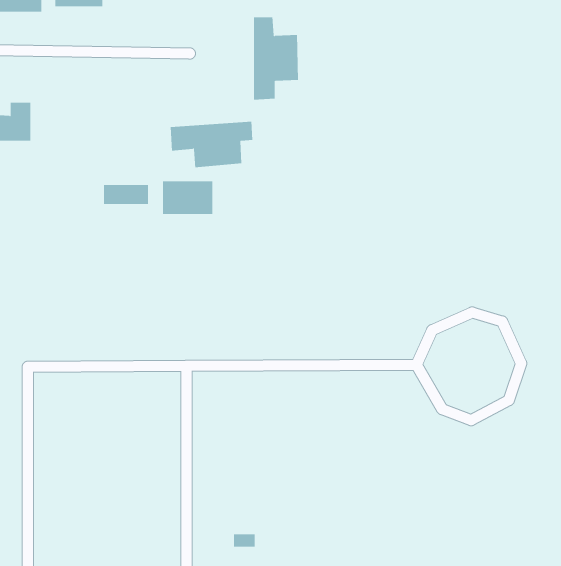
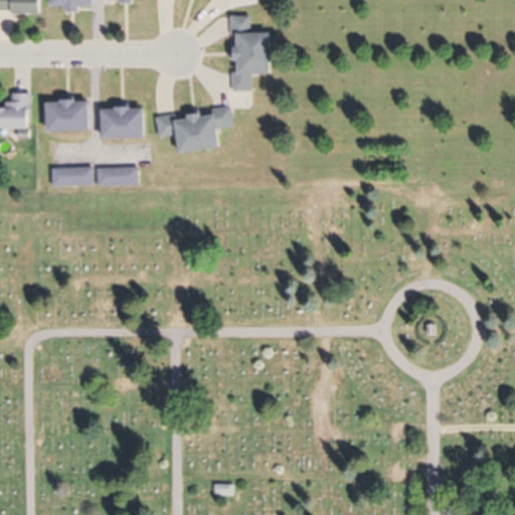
building: none -> [46,101,92,131]
building: [162,181,213,214] -> [100,108,146,138]
building: none -> [49,167,91,184]

